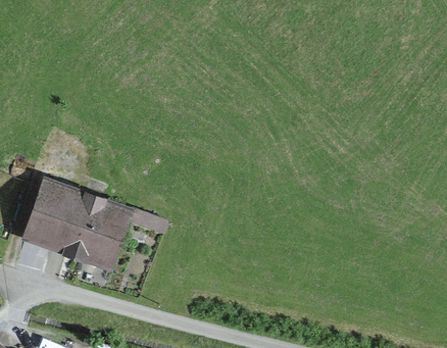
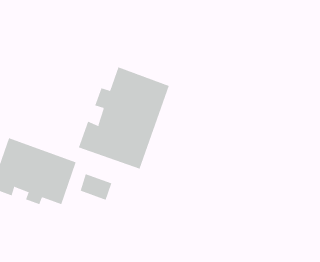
building: none -> [78,67,170,170]

